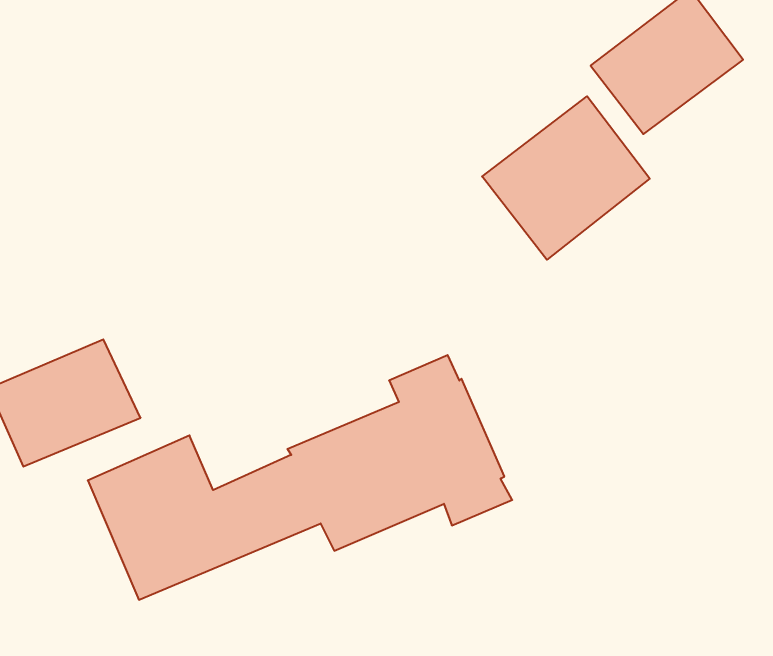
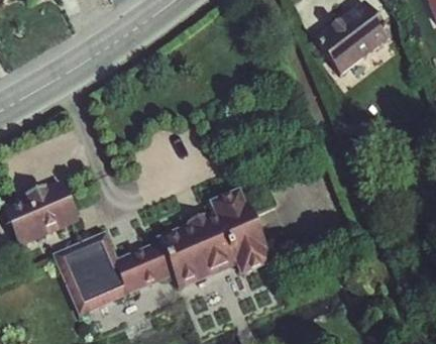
building: [482,96,650,260] -> none

